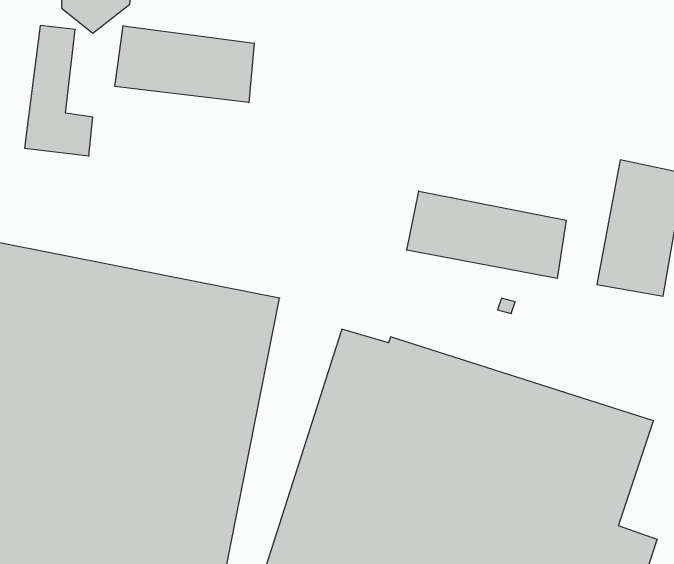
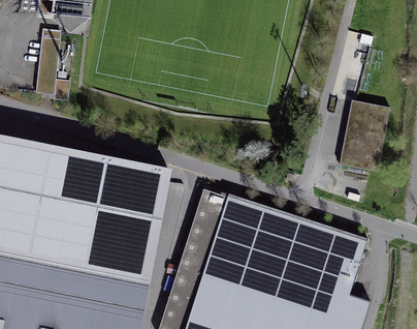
building: [115,26,254,103] -> none
building: [407,191,566,278] -> none

